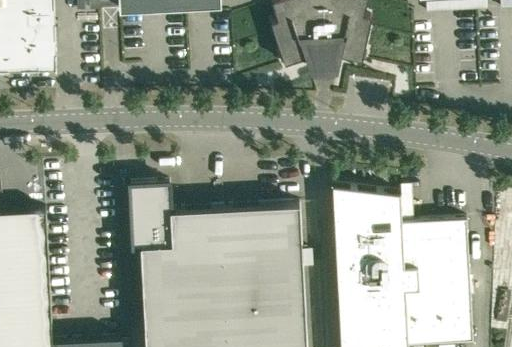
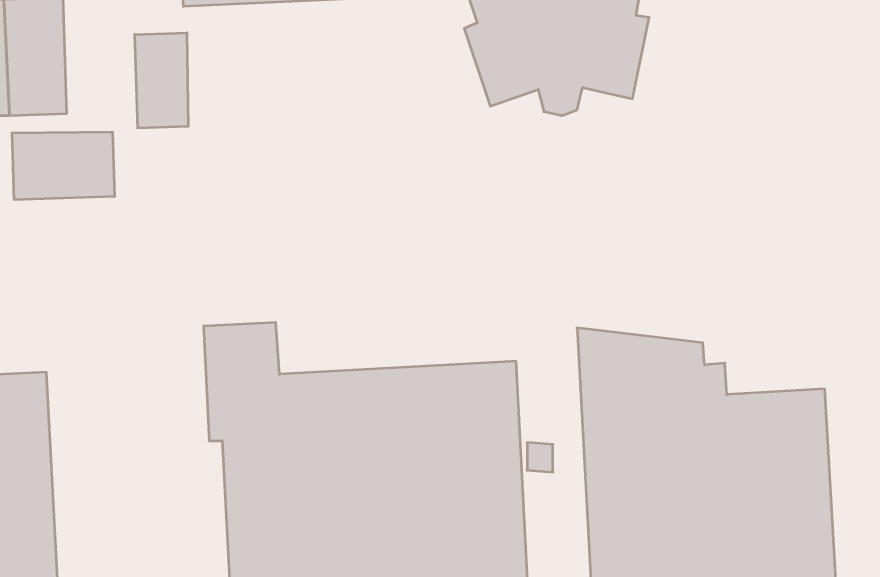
building: none -> [135,33,188,128]
building: none -> [12,132,114,200]

